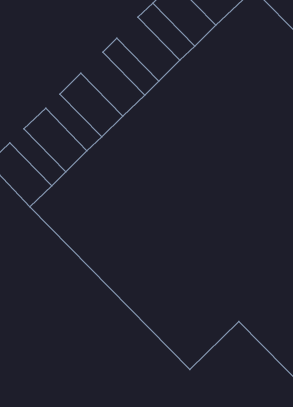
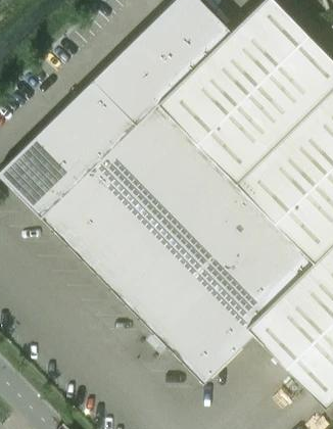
building: none -> [130,23,194,89]
building: none -> [93,59,158,125]
building: none -> [57,102,114,160]
building: none -> [20,138,78,196]

